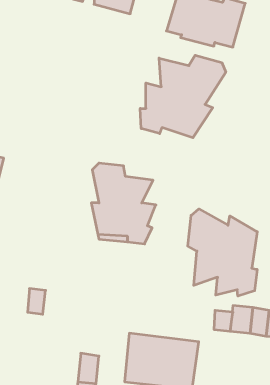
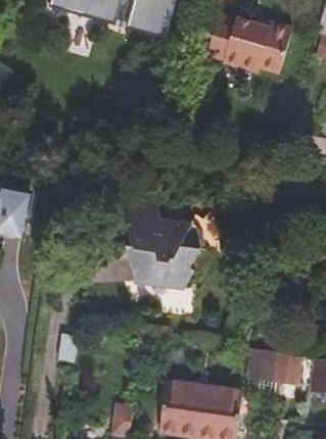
building: [140,55,226,138] -> none
building: [188,209,257,296] -> none

